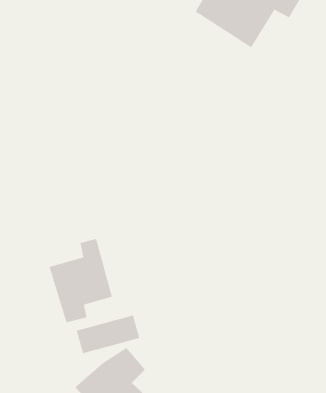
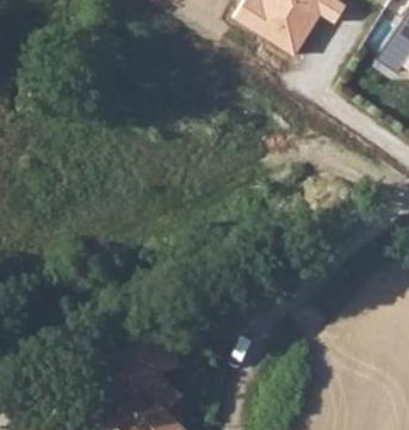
building: [49,238,112,323] -> none

